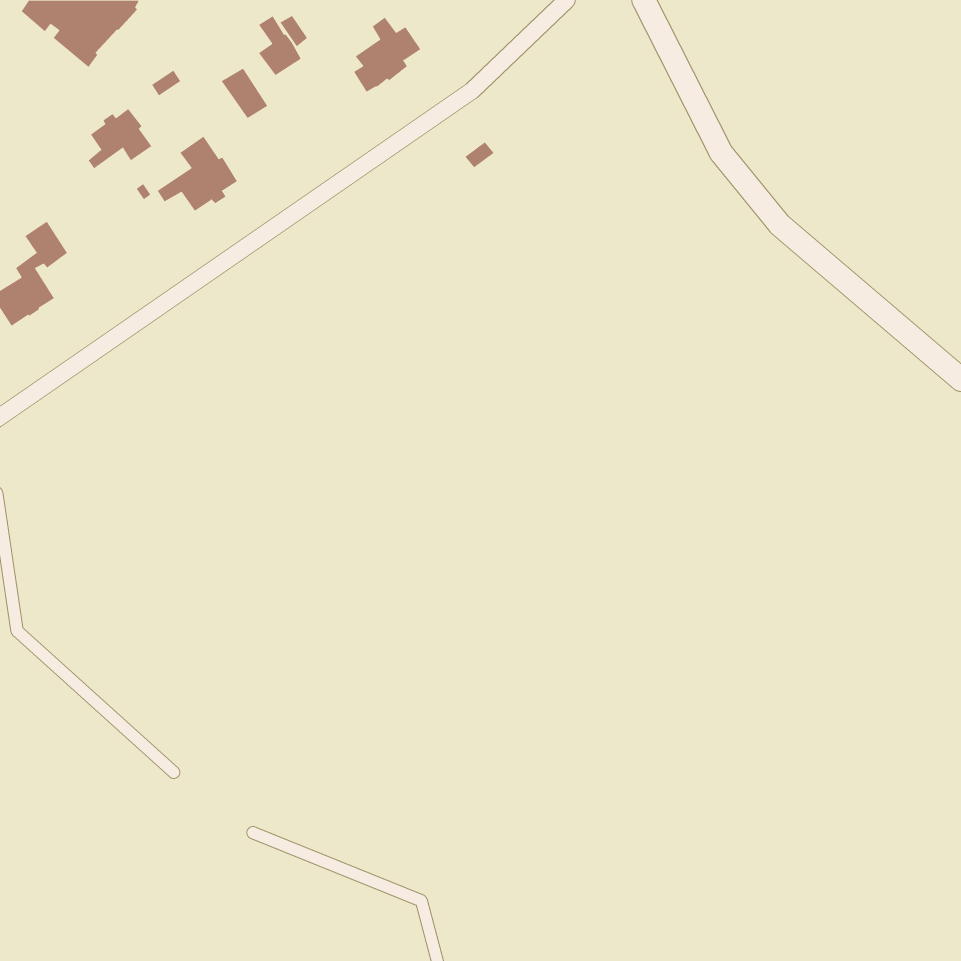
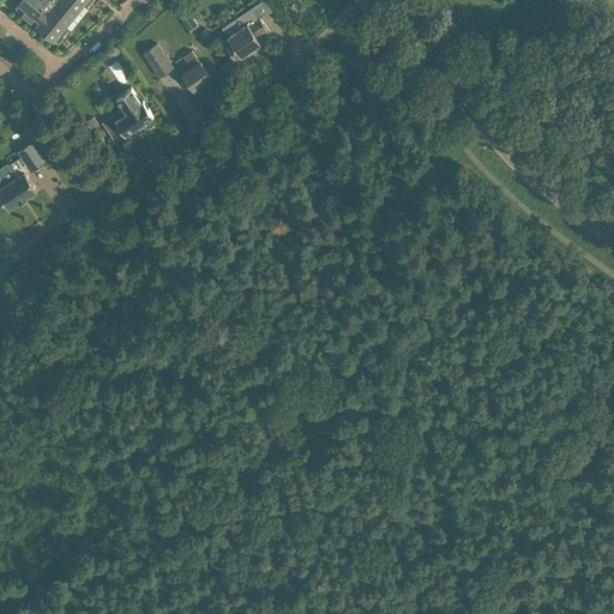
building: [258,15,302,76] -> [181,52,209,90]
building: [88,108,152,169] -> none

